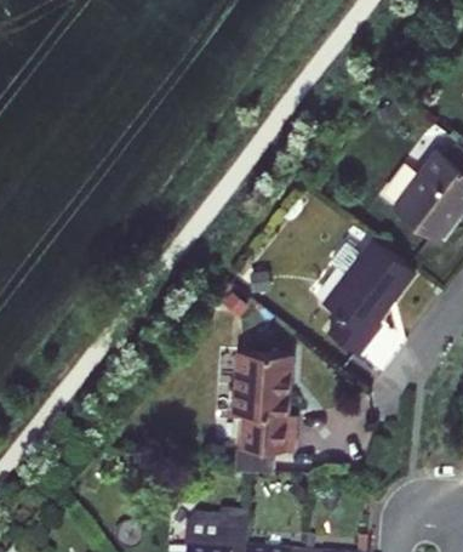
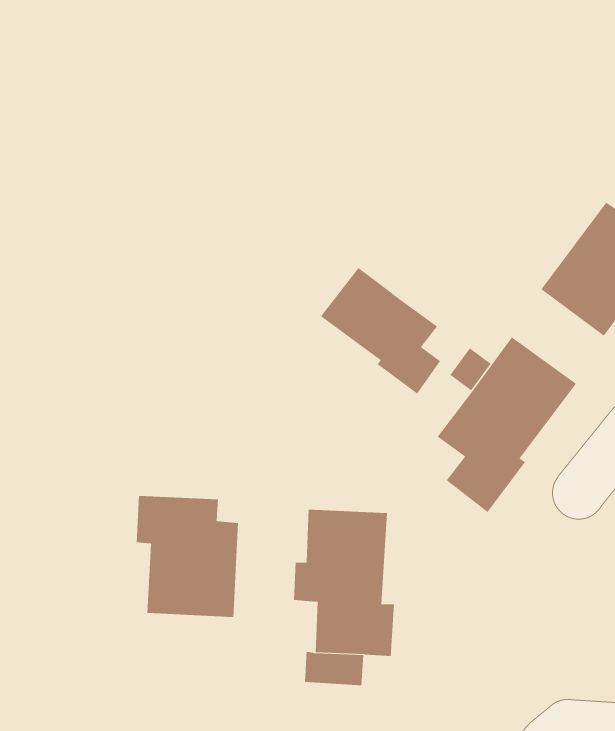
building: none -> [320,267,441,394]
building: none -> [136,495,239,618]

